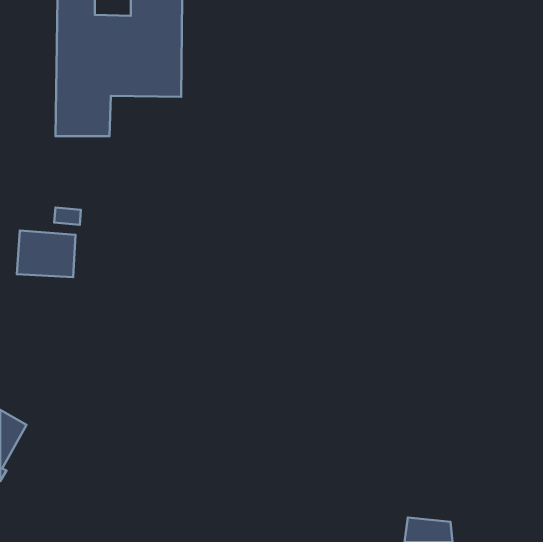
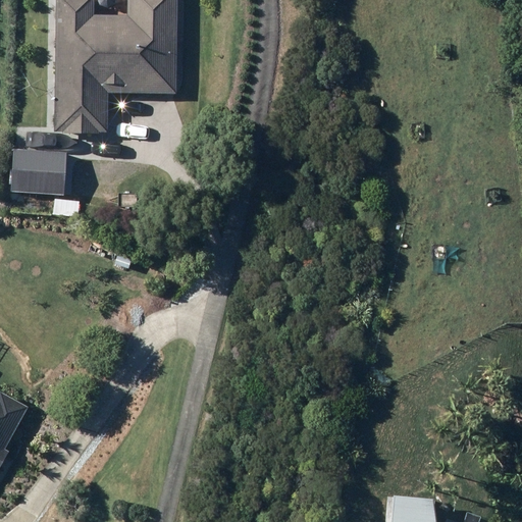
building: [17,230,75,277] -> [9,149,65,194]

